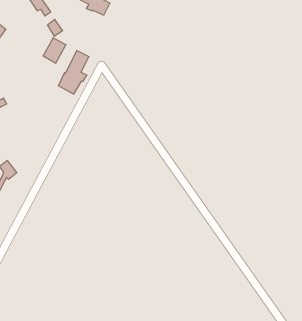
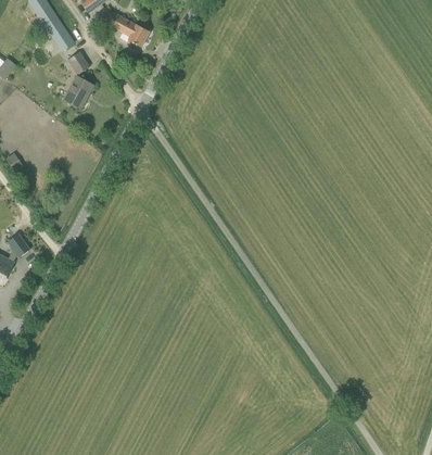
building: [59,50,89,94] -> none

